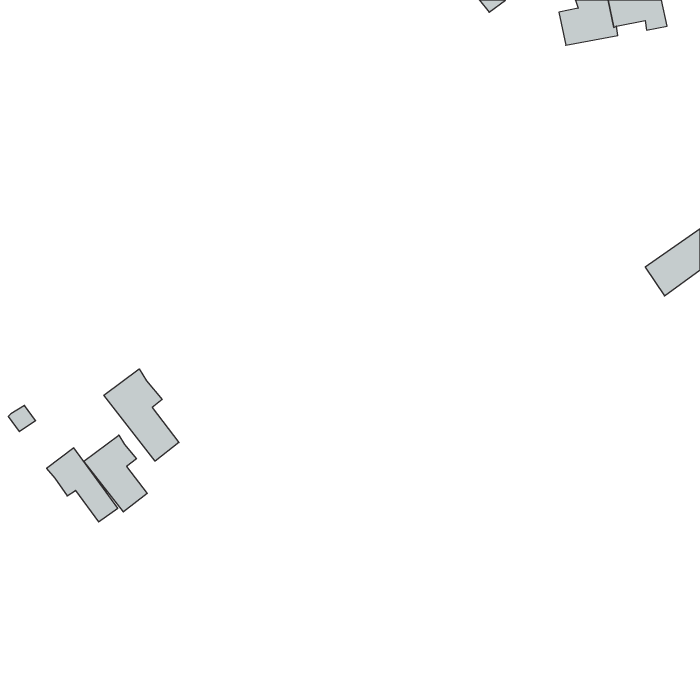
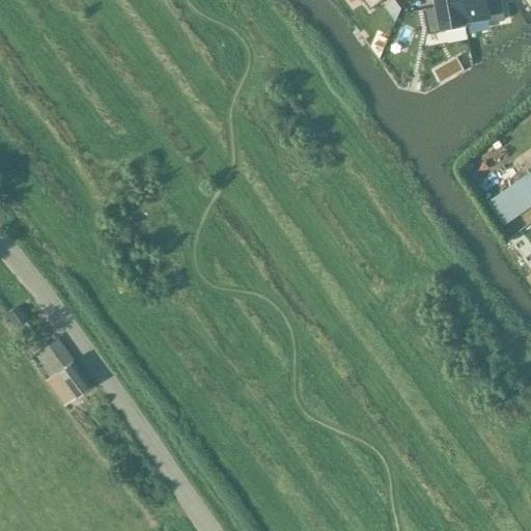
building: [104,369,179,461] -> none
building: [84,435,147,512] -> none

